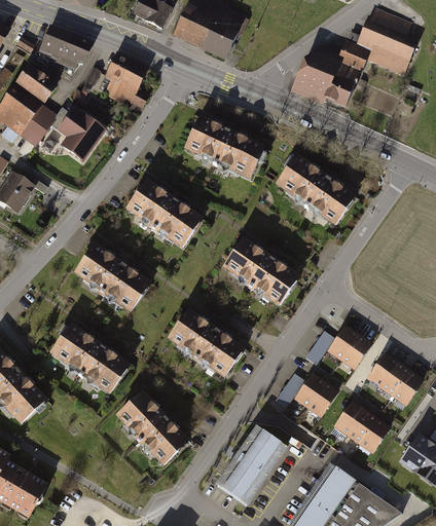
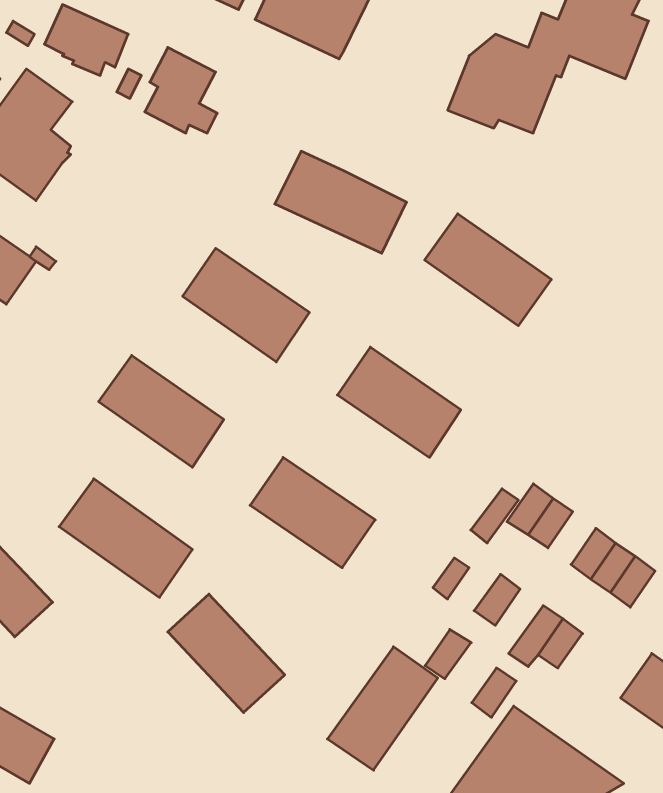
building: [51,106,107,162] -> none
building: [296,373,325,404] -> [425,629,471,679]
building: [361,418,389,449] -> [472,668,516,717]

